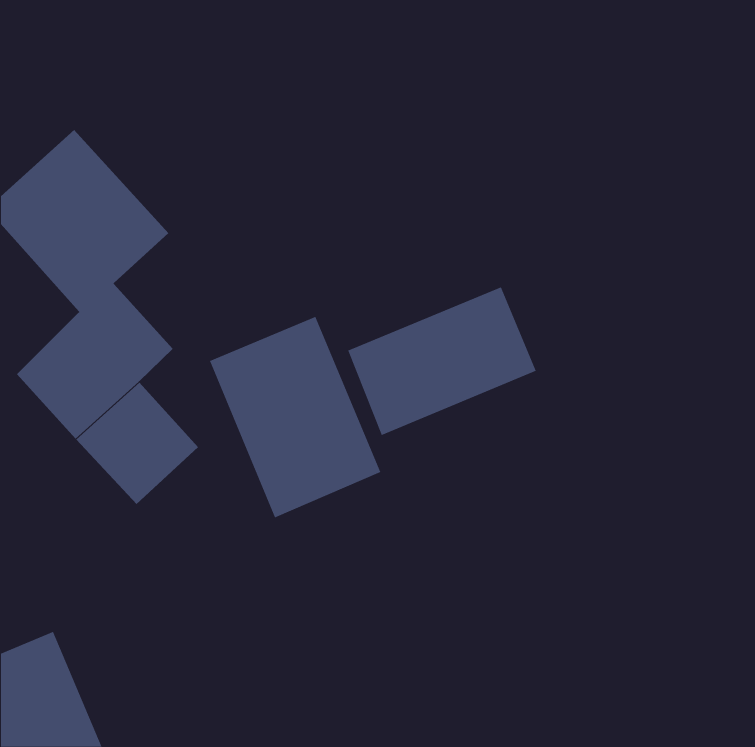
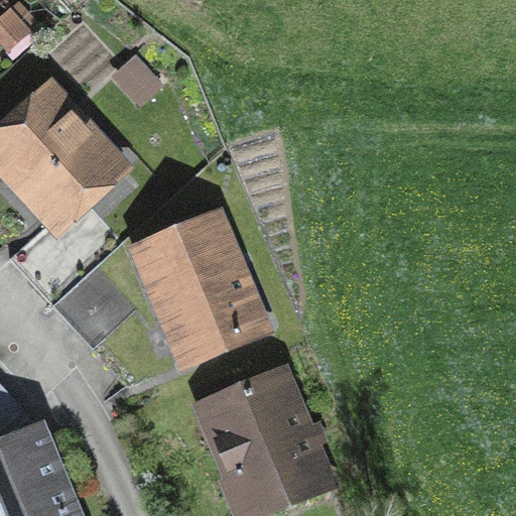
building: [347,286,536,436] -> none
building: none -> [206,367,328,503]

